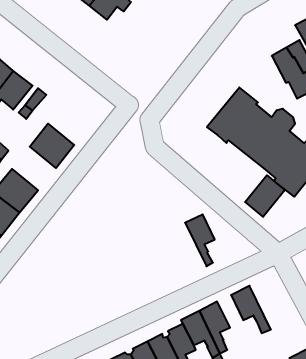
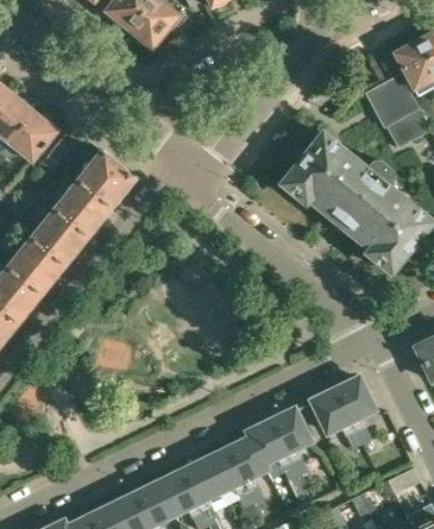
building: none -> [77,150,136,207]
building: none -> [31,209,87,265]
building: [245,175,285,217] -> none
building: [185,214,215,266] -> [335,377,373,443]

